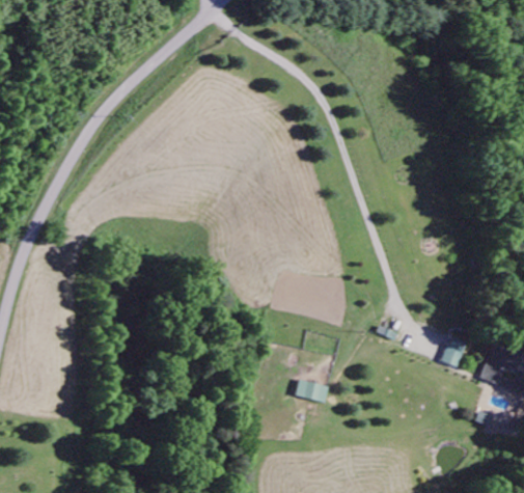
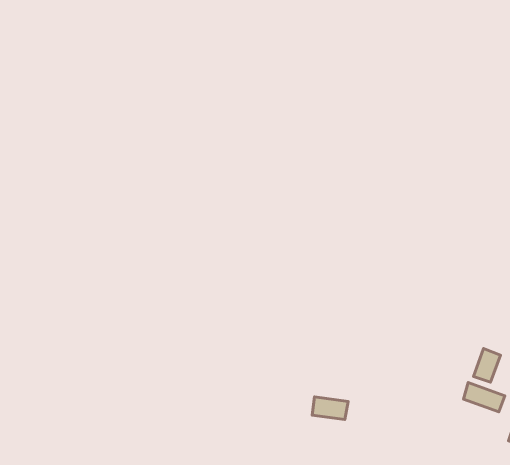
building: none -> [463,383,505,412]

